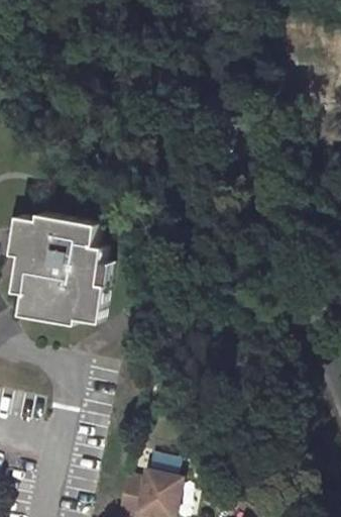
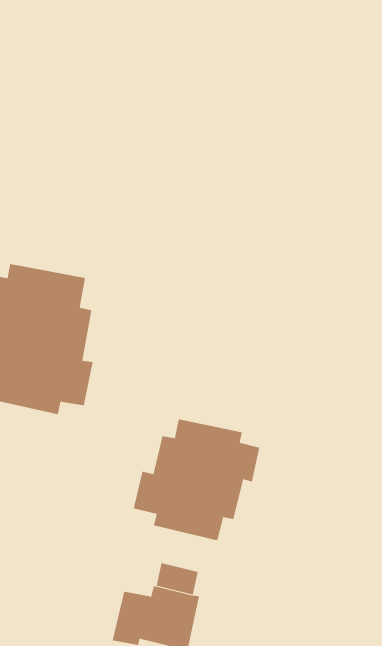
building: none -> [133,419,260,541]

